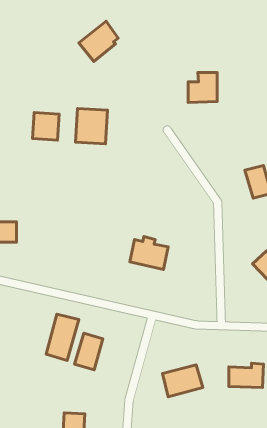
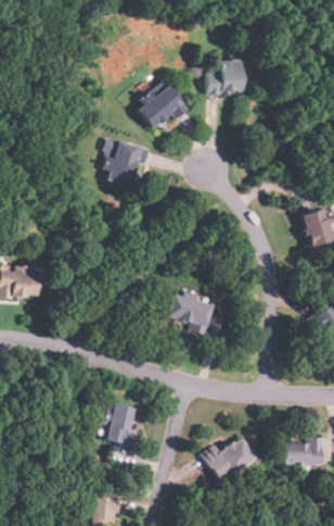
building: [79,21,118,62] -> [138,84,183,130]
building: [188,73,217,103] -> [209,59,243,93]
building: [33,113,59,140] -> none
building: [46,314,79,361] -> none

